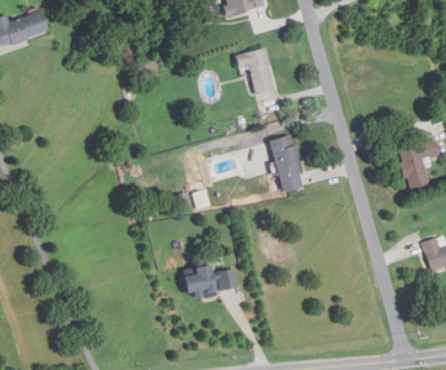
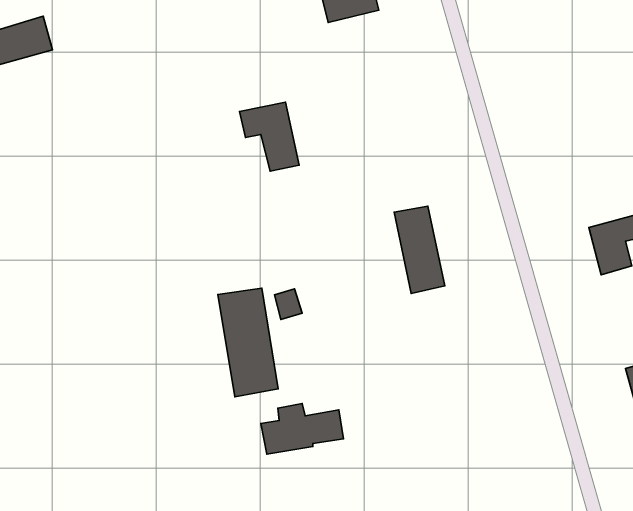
building: [236,48,275,93] -> [239,102,299,171]
building: none -> [218,288,278,397]

